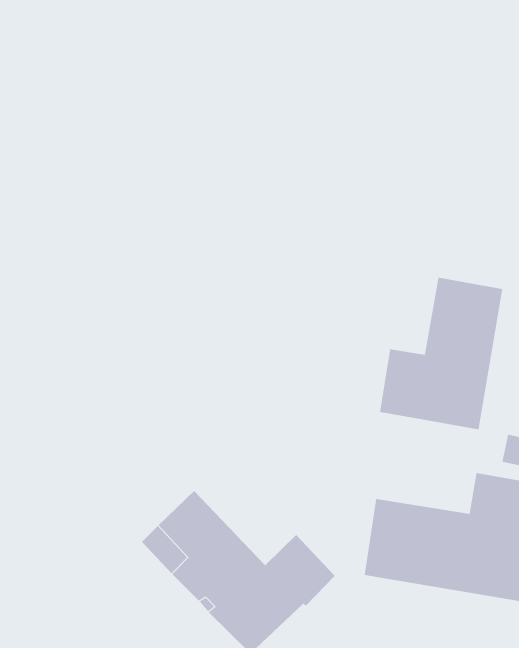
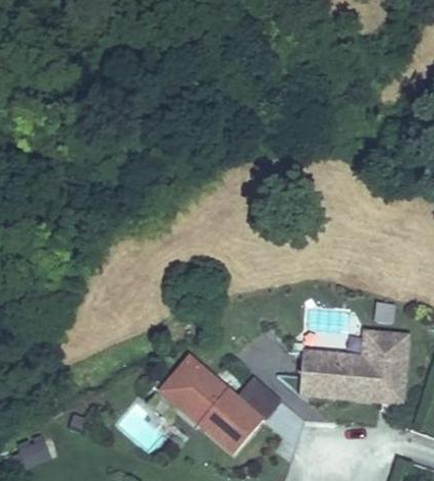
building: [380,277,503,430] -> none

